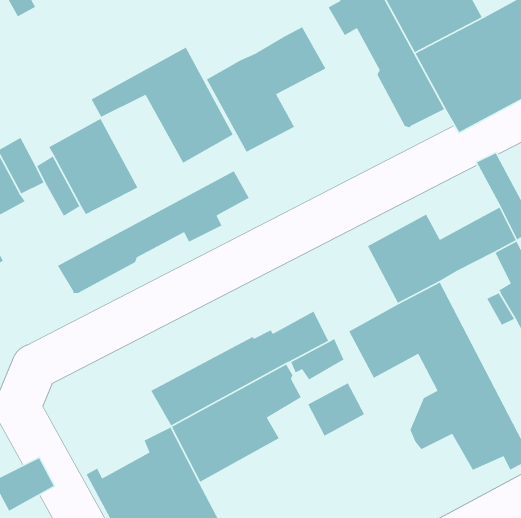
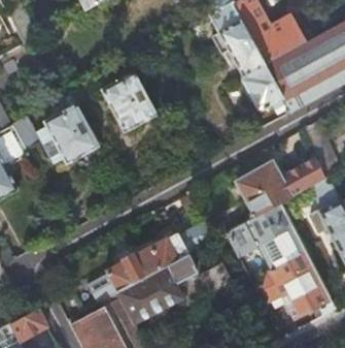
building: [206,26,326,153] -> none
building: [57,170,250,294] -> none

